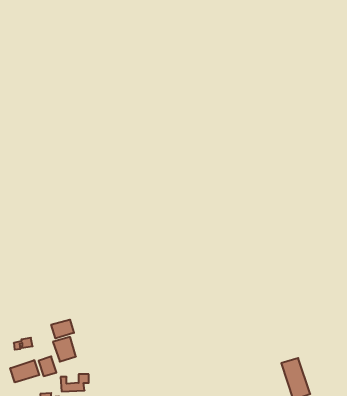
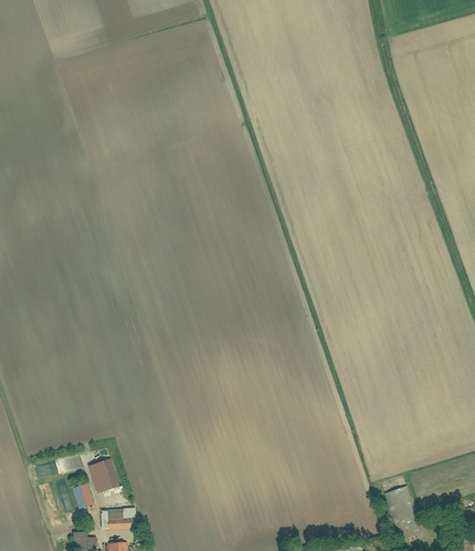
building: [51,320,74,338] -> none
building: [10,360,39,382] -> none

